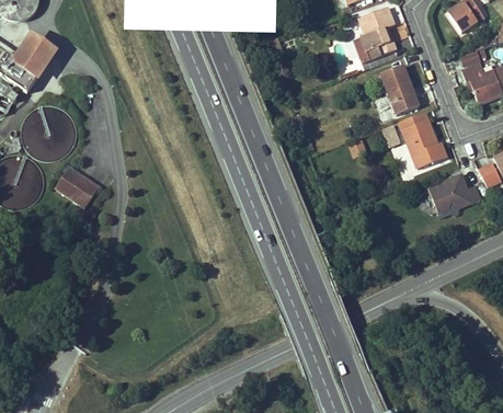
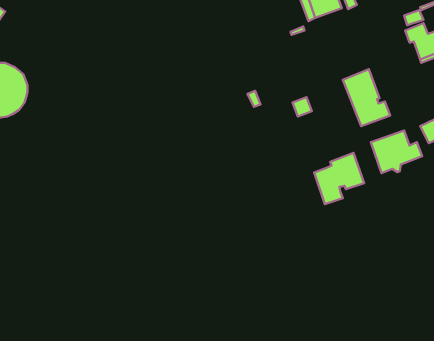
building: [381,65,419,113] -> none
building: [55,167,99,207] -> none
building: none -> [314,153,364,204]

